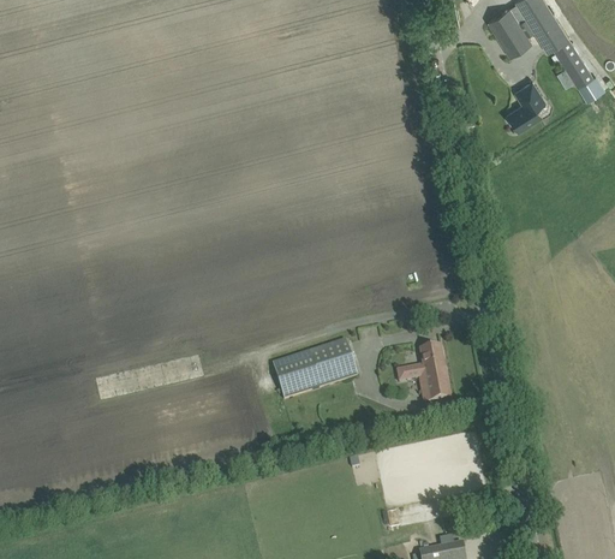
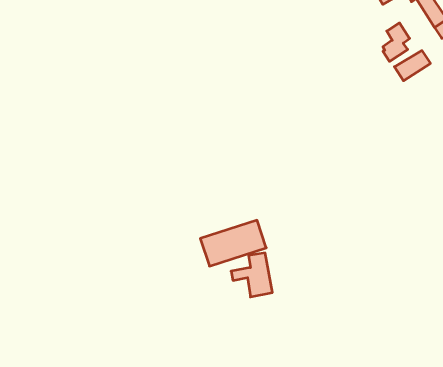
building: none -> [394,51,430,81]
building: [395,344,449,402] -> [231,253,272,297]

